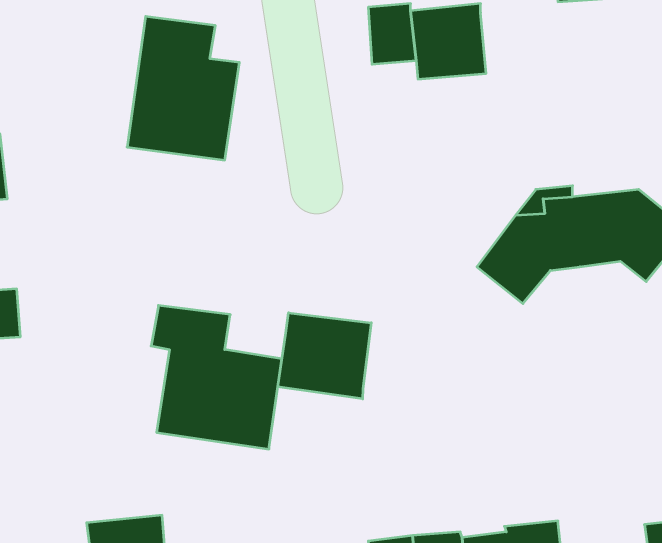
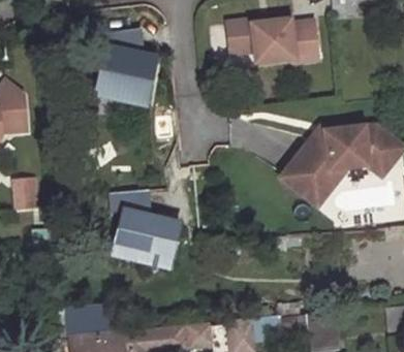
building: none -> [291,22,318,62]
building: none -> [282,166,347,204]
building: [278,313,371,399] -> none

